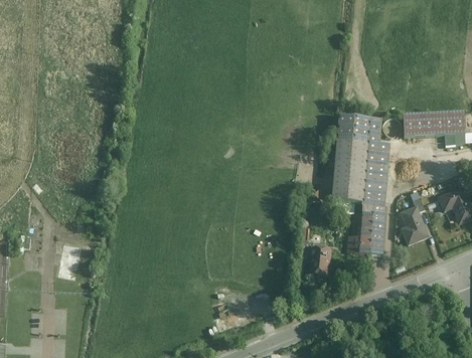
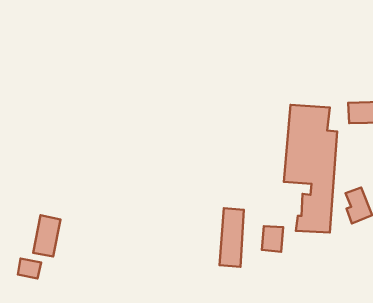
building: none -> [220,208,244,267]
building: none -> [18,258,41,278]

